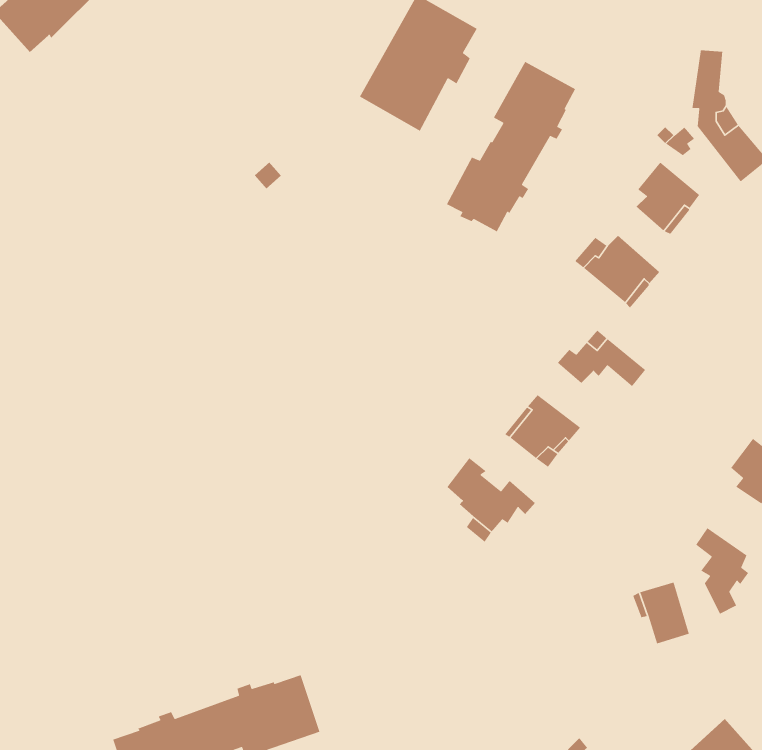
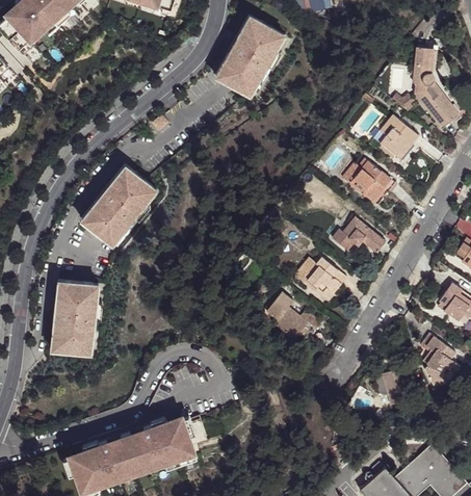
building: [446,61,576,232] -> none
building: none -> [81,165,158,246]
building: none -> [51,281,103,356]

